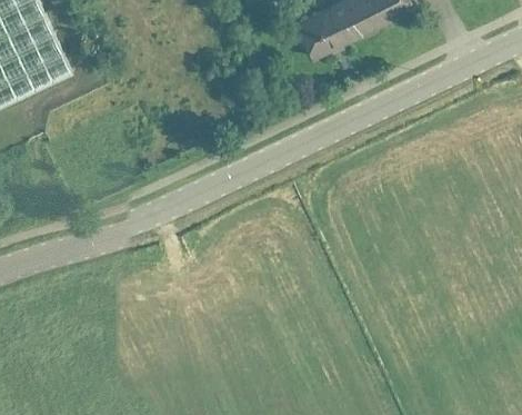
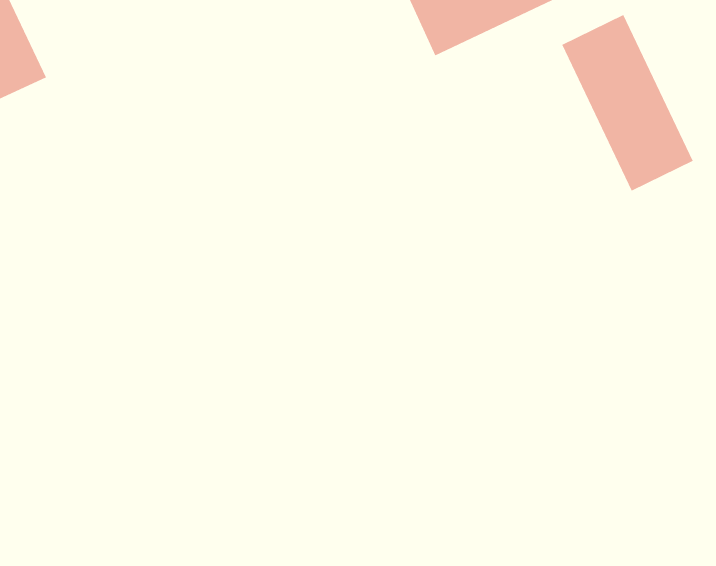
building: none -> [562,14,693,192]

